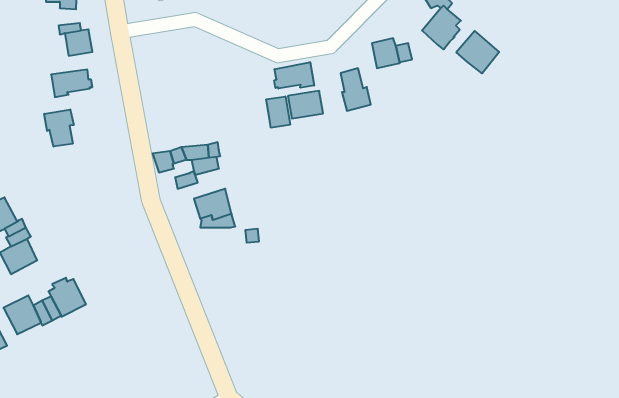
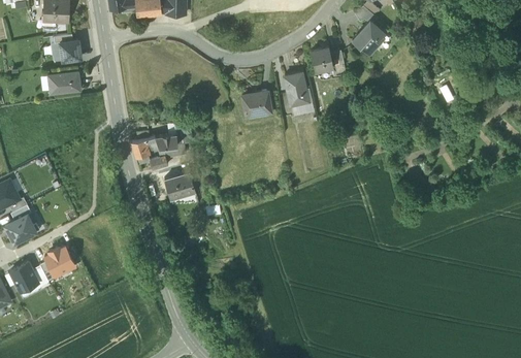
building: [456,31,499,73] -> none
building: [274,62,314,89] -> none
building: [266,96,290,128] -> none
building: [44,109,74,147] -> none

